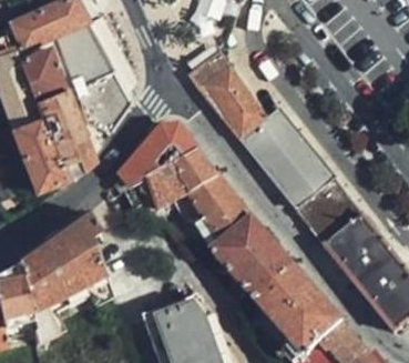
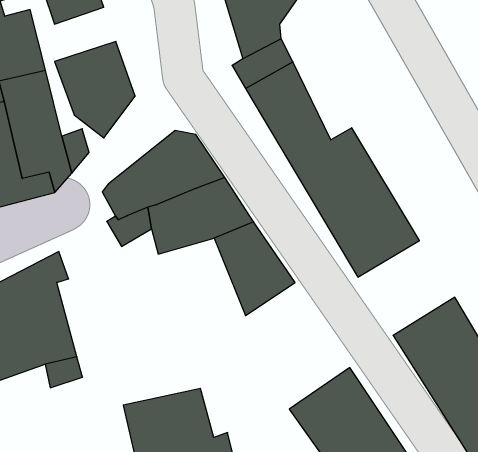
building: [65,43,109,84] -> none
building: [293,175,360,242] -> none
building: [211,214,295,301] -> none

